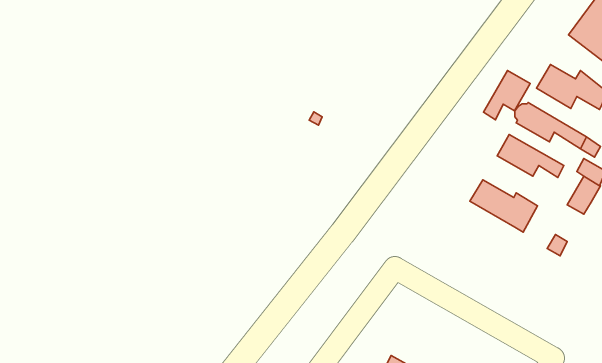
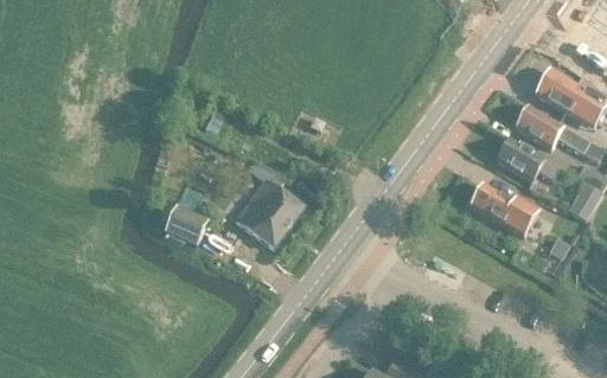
building: [483,70,530,120] -> none
building: none -> [232,175,305,248]
building: none -> [162,203,207,244]

